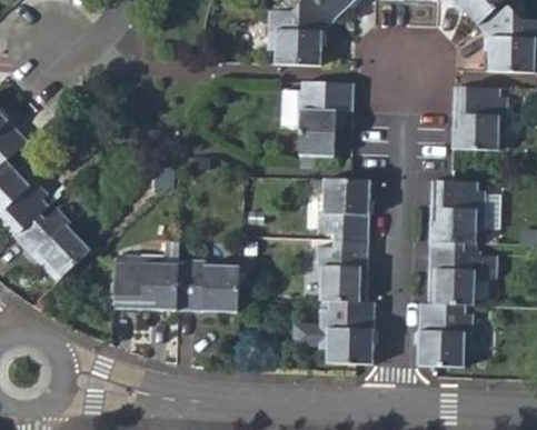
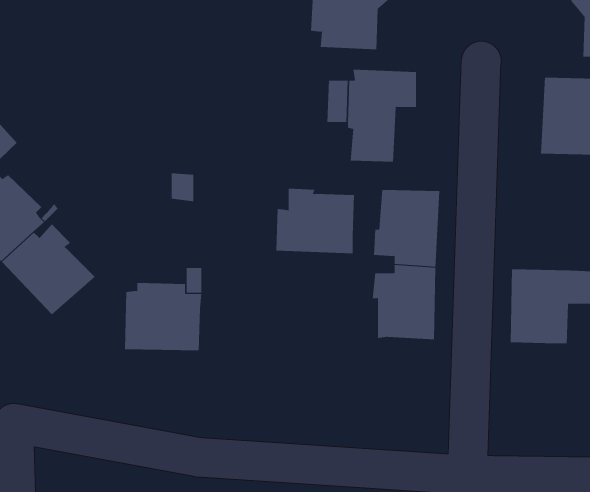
building: [429,180,486,244] -> none
building: [176,259,240,312] -> [276,188,355,254]
building: [318,299,375,363] -> none
building: [419,303,474,368] -> none

